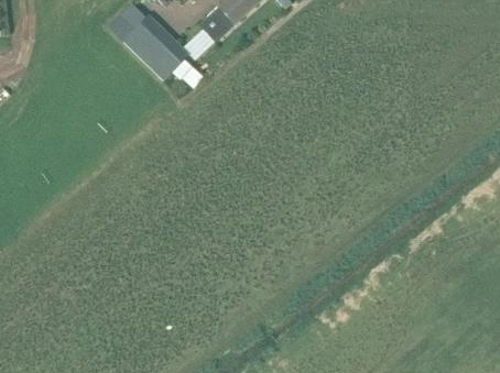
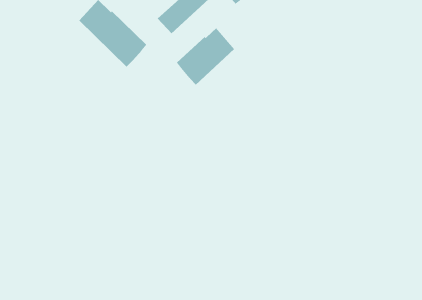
building: none -> [176,27,235,85]

